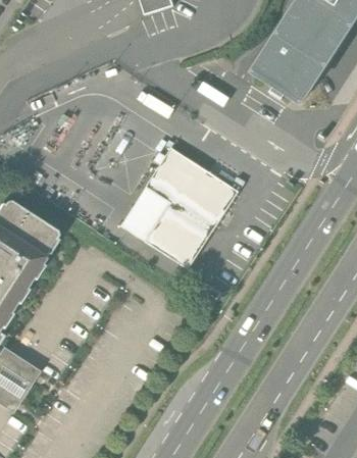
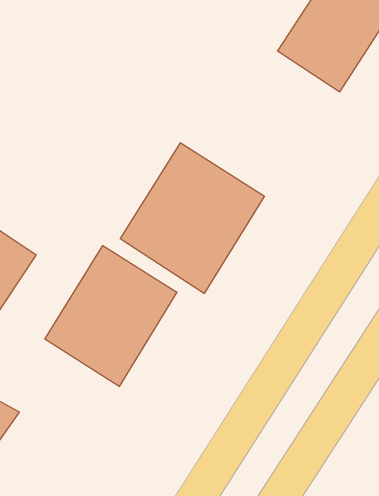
building: none -> [45,246,177,387]

